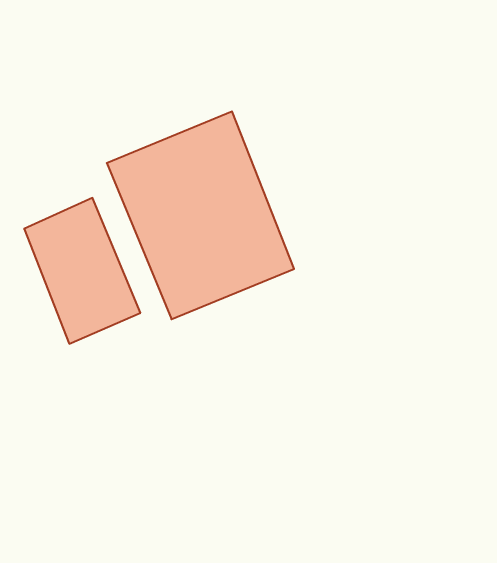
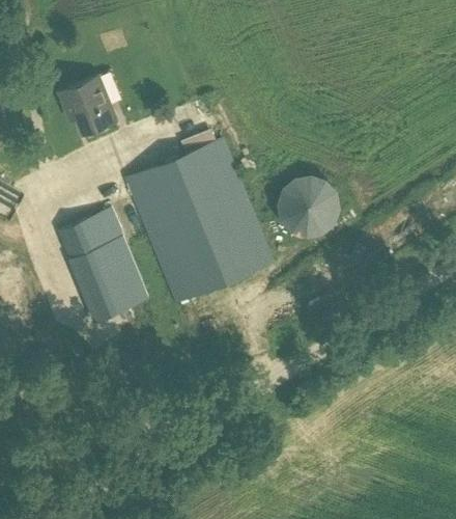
building: none -> [56,76,118,137]
building: none -> [279,175,338,234]

